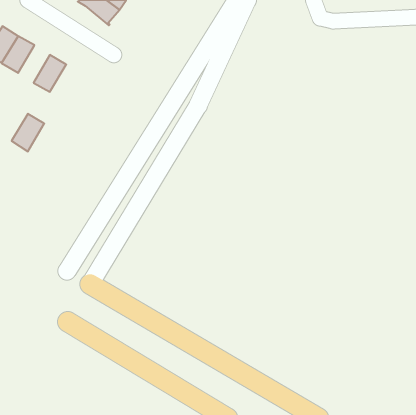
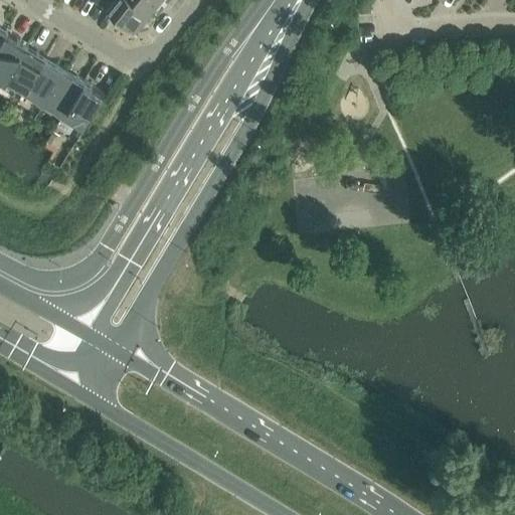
building: none -> [22,59,61,106]
building: [12,114,44,151] -> [61,83,102,130]

